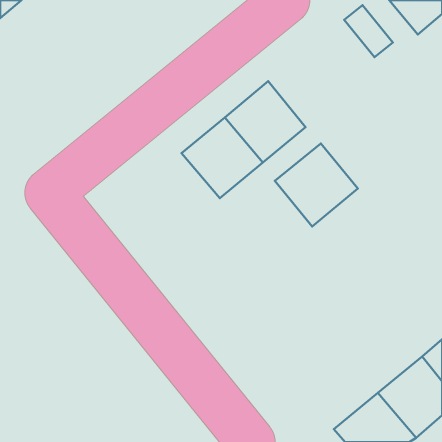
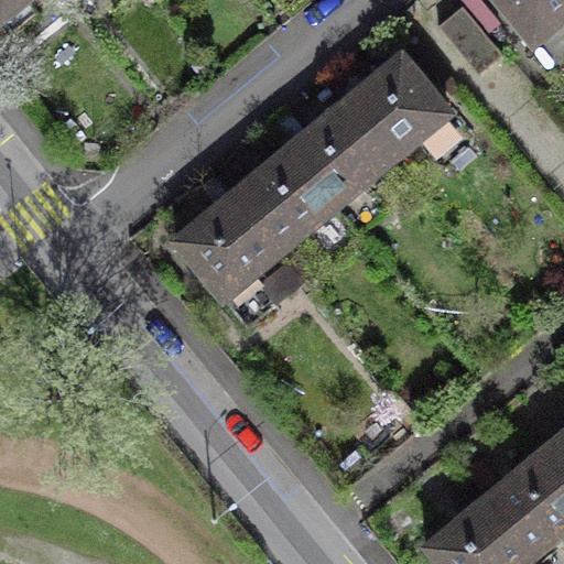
building: [275,143,358,227] -> [341,56,447,162]
building: none -> [174,195,280,300]

